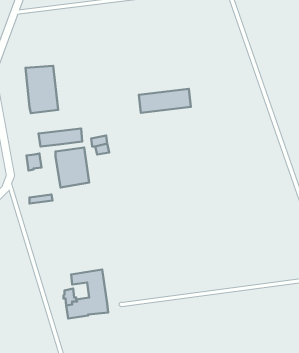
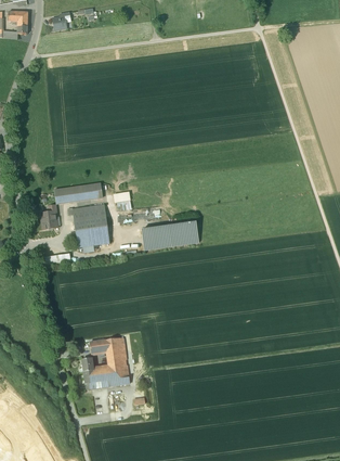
building: [25,66,58,113] -> none
building: [139,89,191,113] -> [142,223,198,249]

